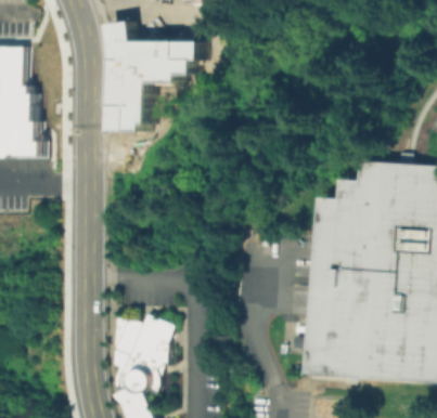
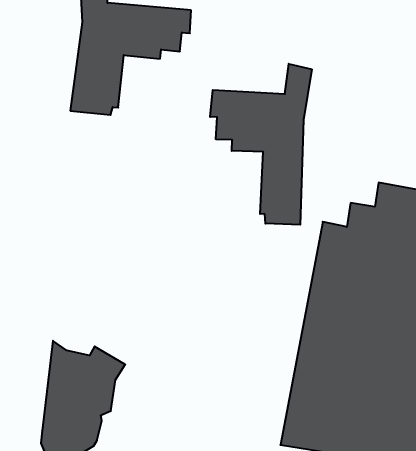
building: none -> [210,64,312,225]

